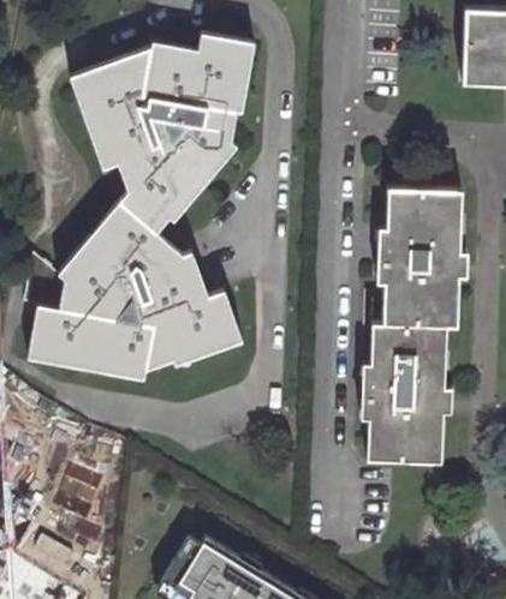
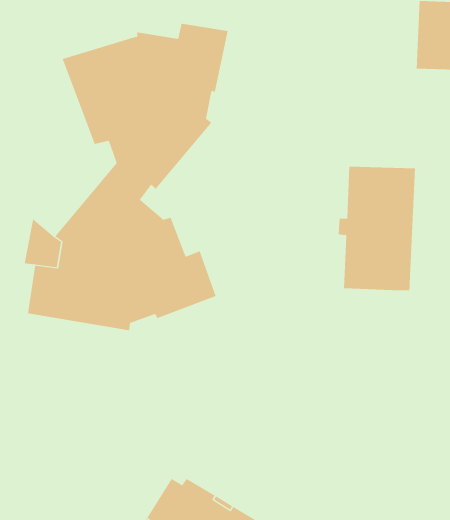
building: [361,329,446,468] -> none

